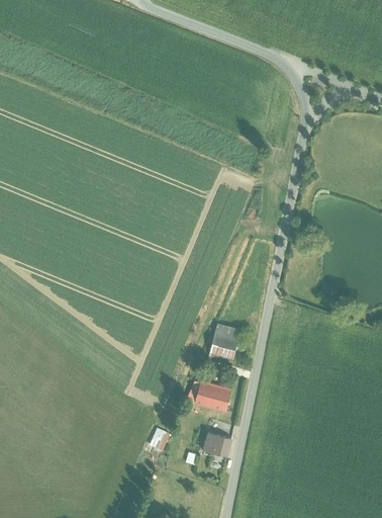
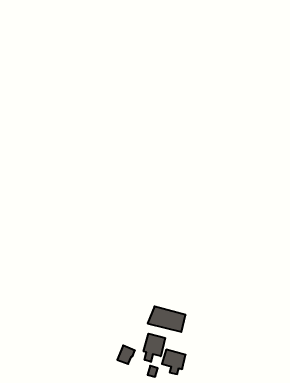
building: [208,323,242,366] -> none
building: none -> [144,334,165,362]

